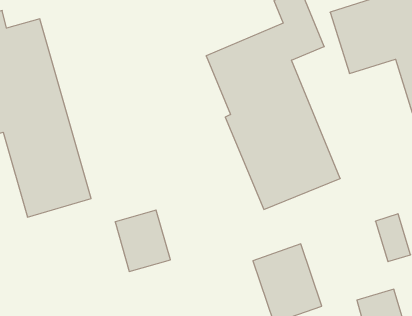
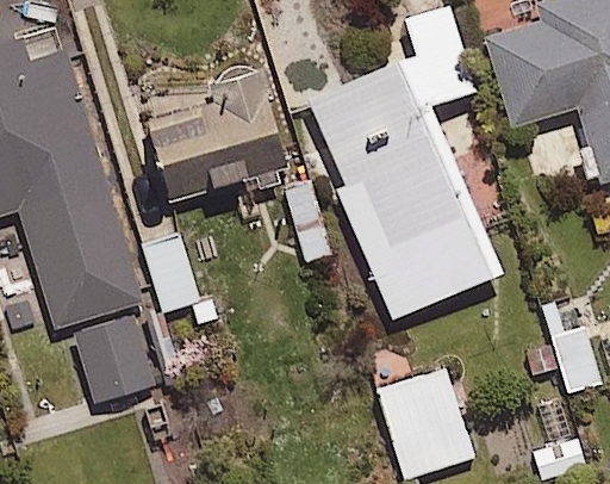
building: none -> [145,74,288,201]
building: [115,210,170,271] -> [74,316,152,403]

